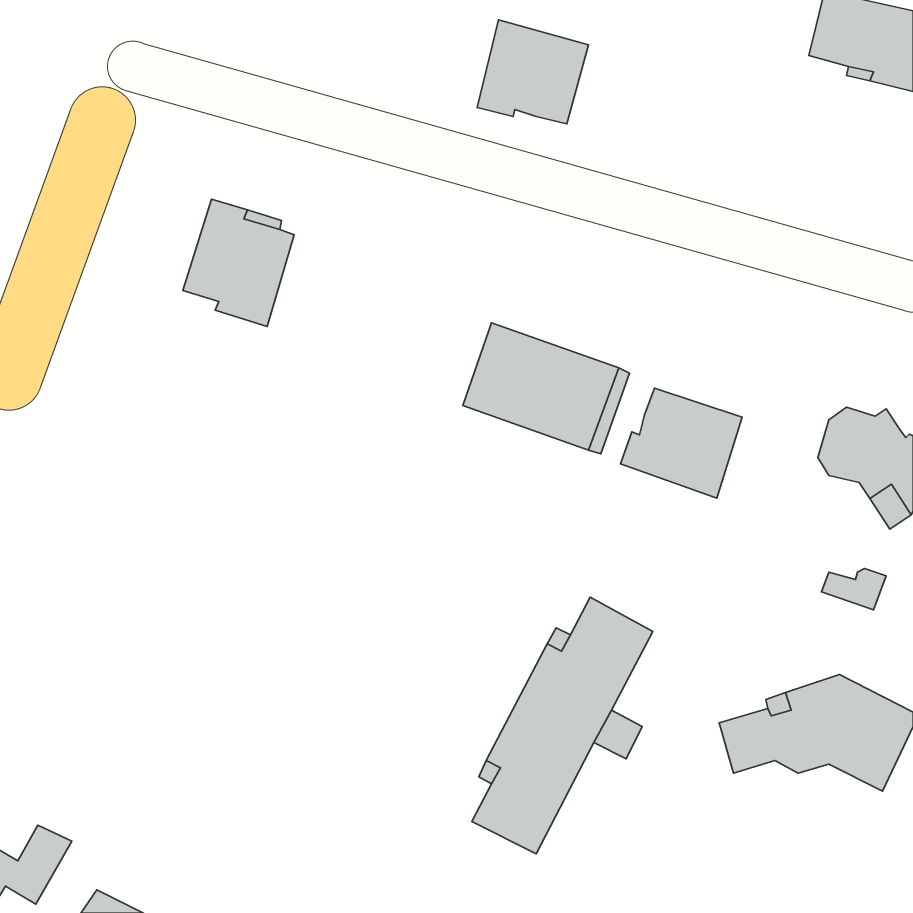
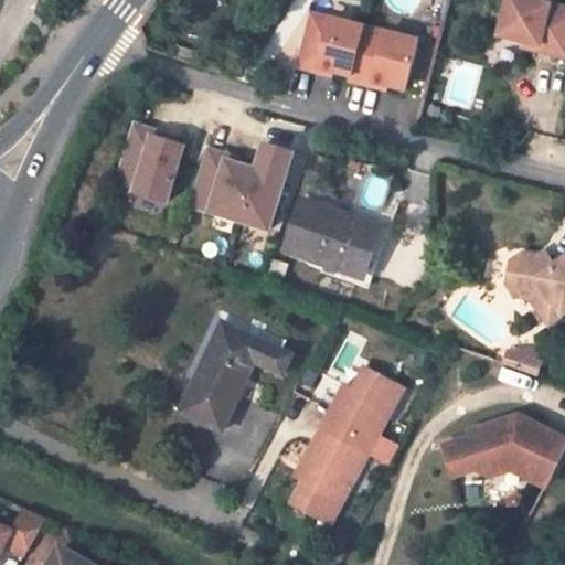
building: none -> [348,28,418,92]
building: none -> [186,142,291,228]
building: [621,388,742,498] -> none
building: none -> [179,321,291,430]

